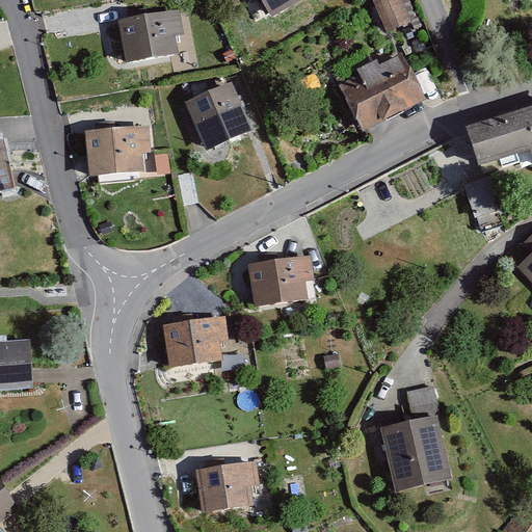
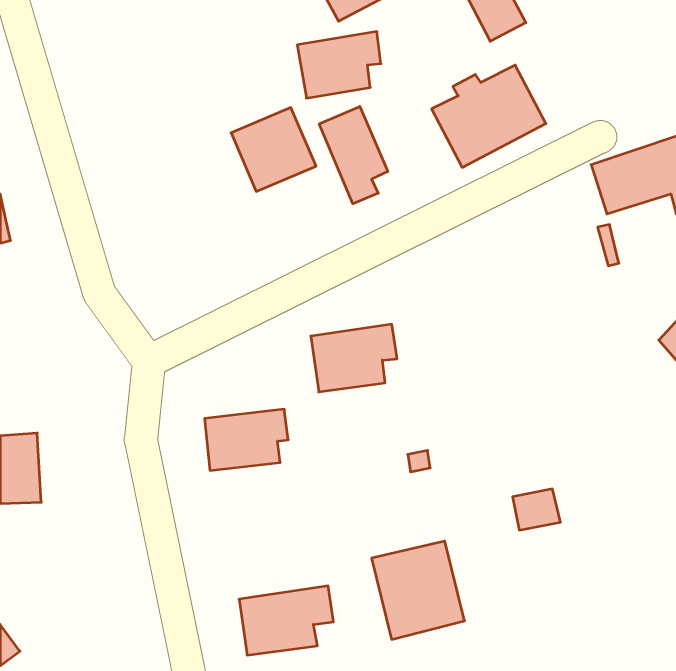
building: [117,7,183,59] -> [297,32,381,98]
building: none -> [319,106,388,204]
building: [81,124,151,175] -> none
building: [379,415,452,491] -> [372,541,465,639]

